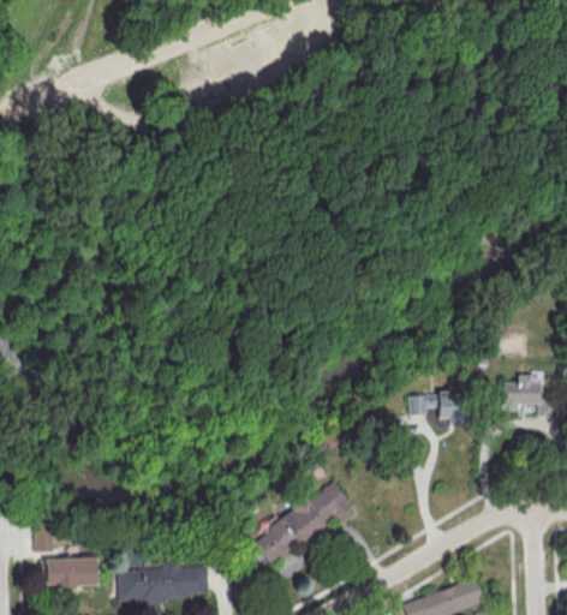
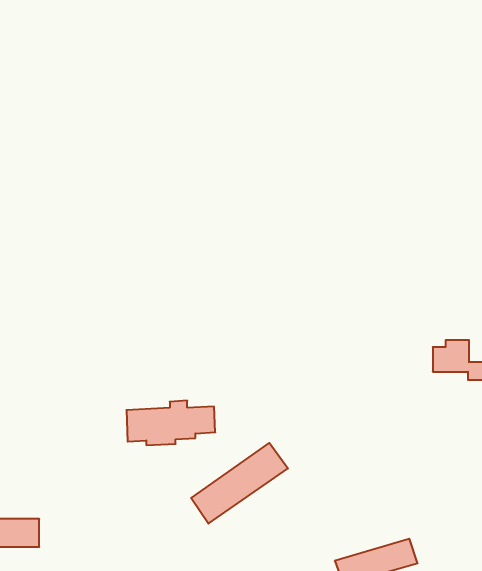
building: [406,392,466,422] -> none
building: [118,560,209,605] -> [126,401,215,445]

